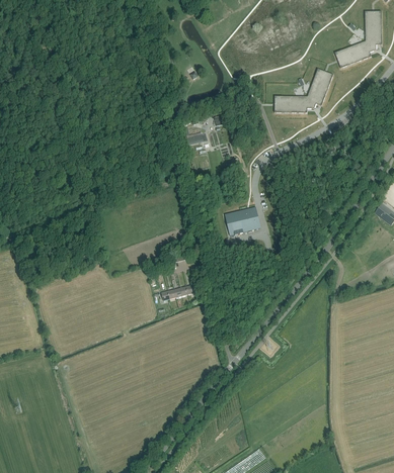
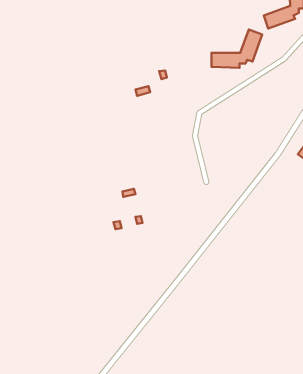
building: [224,206,260,234] -> none

